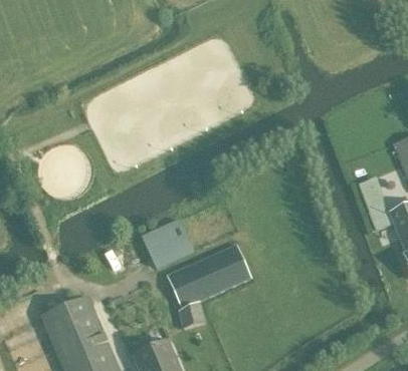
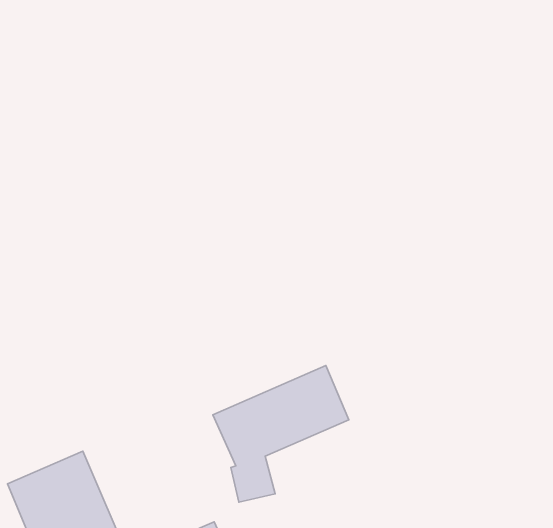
building: [143,221,193,268] -> none

